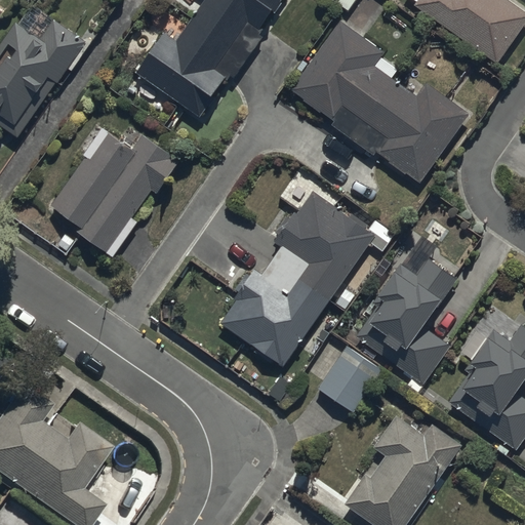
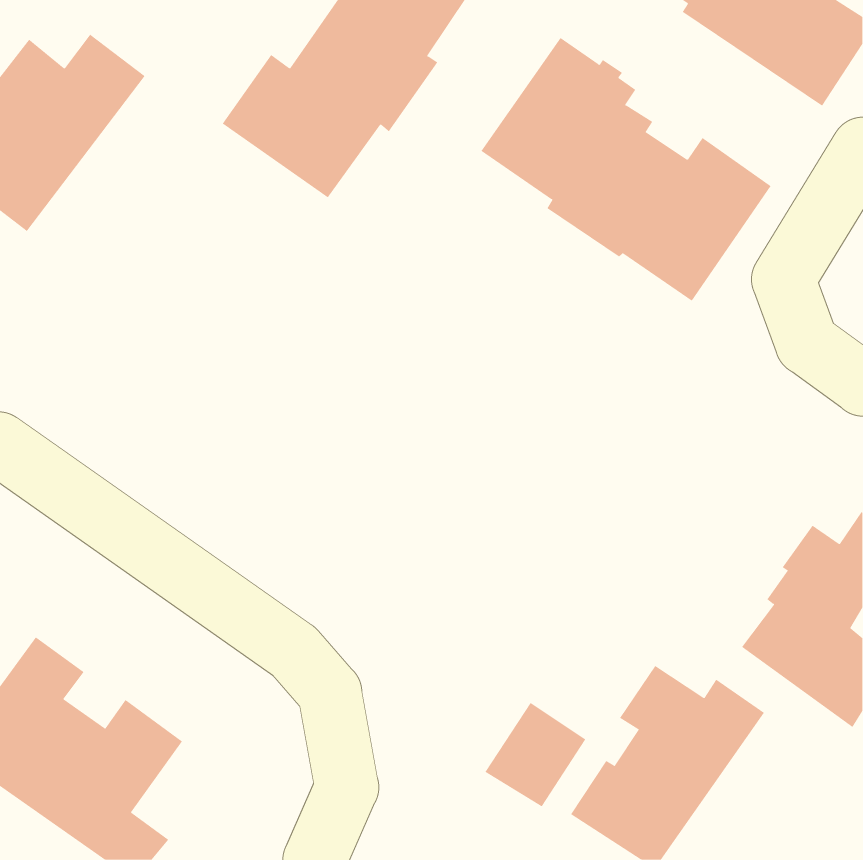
building: [48,131,178,259] -> none
building: [218,193,396,369] -> none
building: [356,234,451,373] -> none
building: [319,336,380,400] -> [485,702,586,807]

